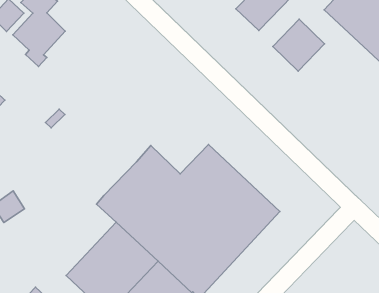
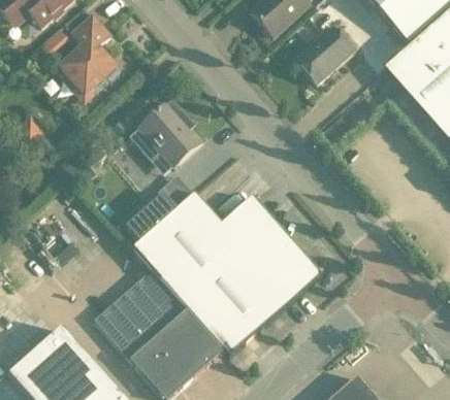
building: [273,19,325,71] -> none
building: none -> [129,104,201,166]
building: none -> [126,192,176,240]

